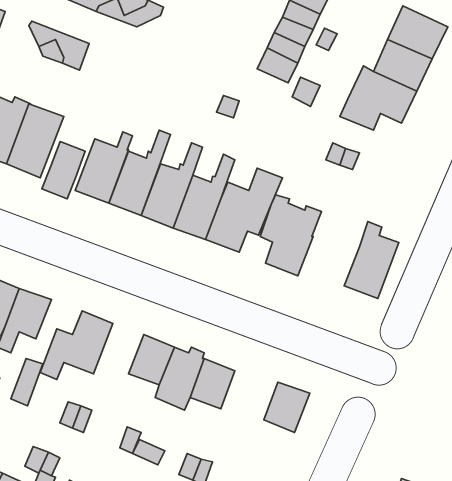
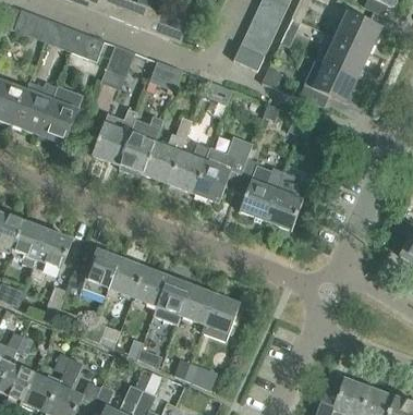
building: none -> [139,11,186,41]
building: none -> [148,60,182,90]
building: [42,141,85,199] -> [99,44,133,88]
building: [344,221,399,298] -> [265,170,307,230]
building: none -> [106,257,145,296]
building: [264,382,310,432] -> [205,294,241,333]

